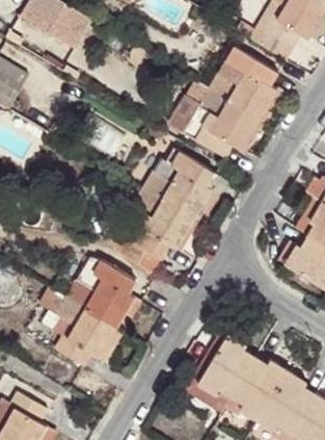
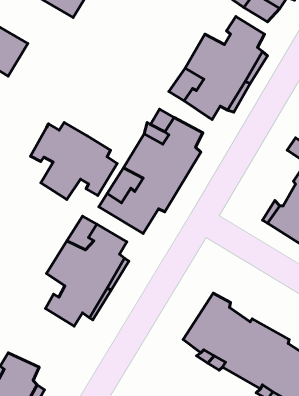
building: none -> [30,122,117,199]

